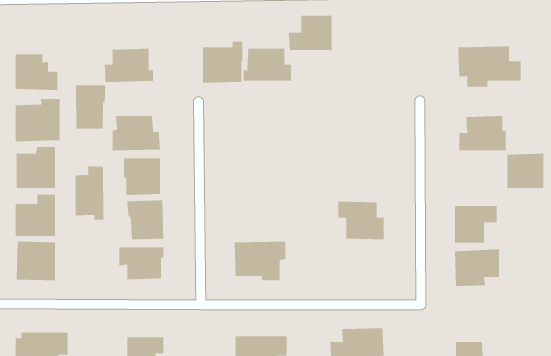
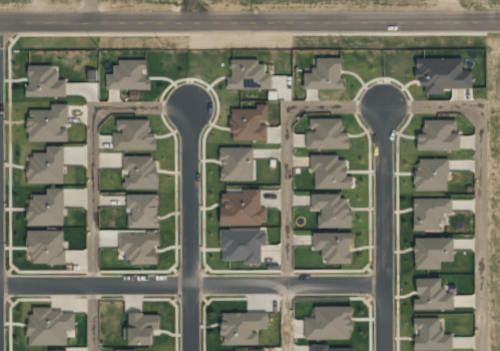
building: [288,15,332,50] -> [303,58,342,89]
building: [202,41,243,83] -> [230,104,267,141]
building: [76,84,106,130] -> none
building: none -> [305,118,348,149]
building: none -> [220,147,253,182]
building: [507,153,544,189] -> [414,159,447,191]
building: none -> [310,155,352,190]
building: [75,165,104,221] -> none
building: none -> [219,190,266,226]
building: none -> [312,232,352,265]
building: none -> [413,278,453,310]

